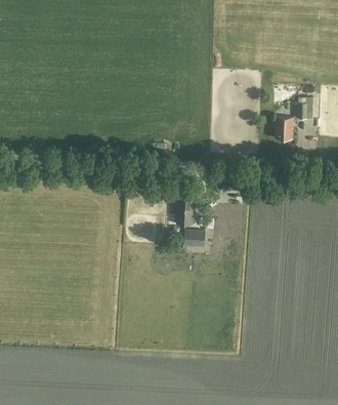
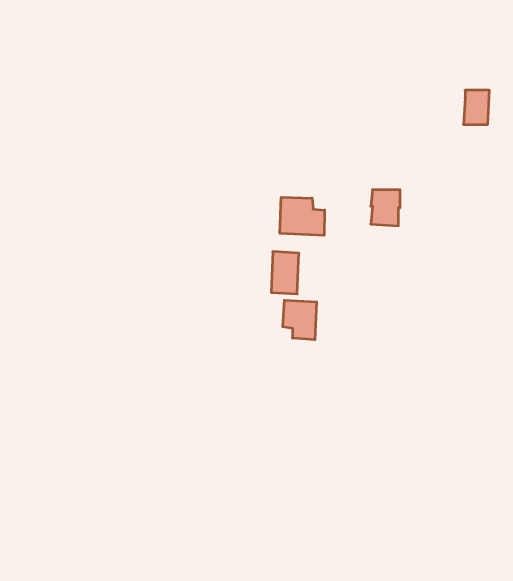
building: [276,114,294,136] -> [371,190,400,226]
building: none -> [280,197,325,235]

